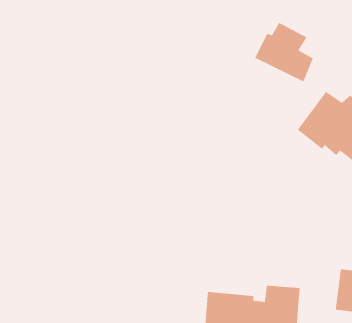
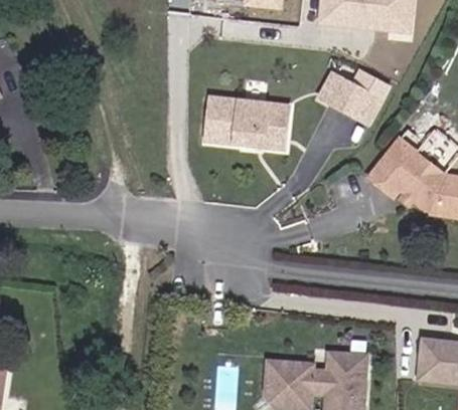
building: none -> [205,99,291,151]

